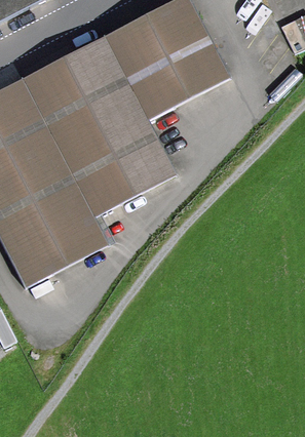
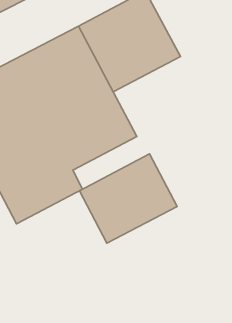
building: none -> [80,154,177,243]

